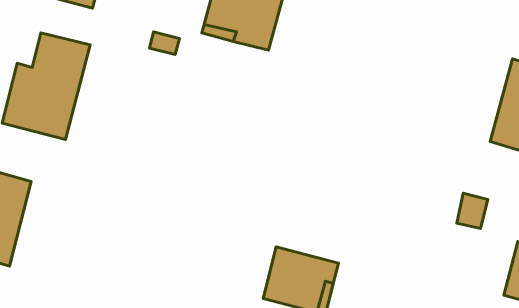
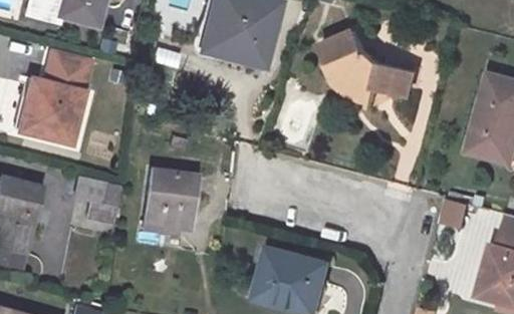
building: none -> [320,29,415,102]
building: none -> [143,171,196,225]
building: none -> [73,178,121,225]

